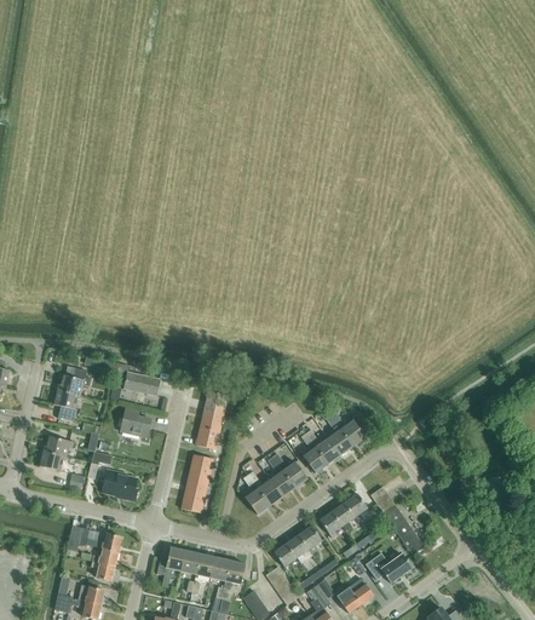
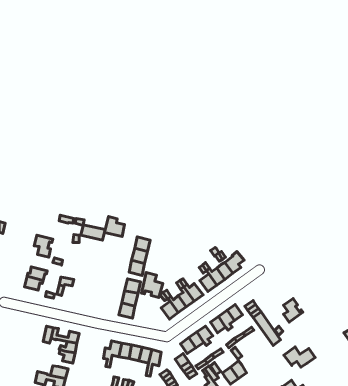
building: [57,367,91,395] -> none
building: [120,407,150,437] -> [104,216,124,237]
building: none -> [141,273,163,298]
building: [104,472,137,500] -> none
building: none -> [284,298,303,322]
building: [364,552,412,582] -> [284,347,315,367]

